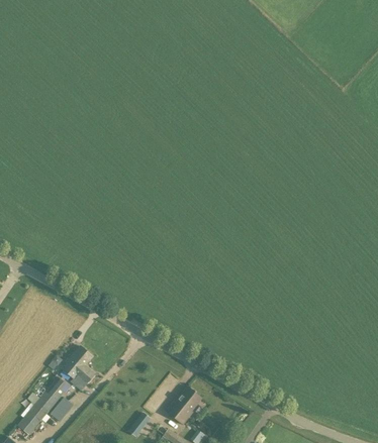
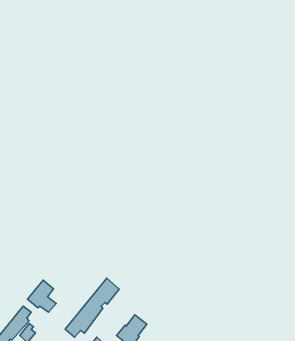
building: none -> [65,278,119,337]

